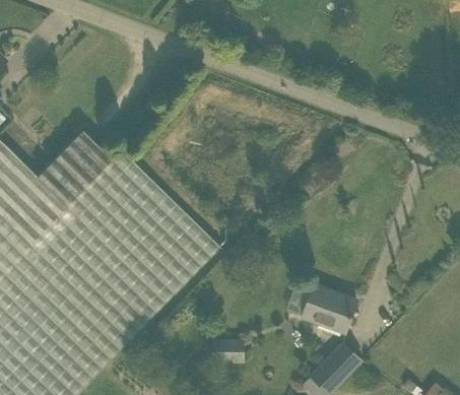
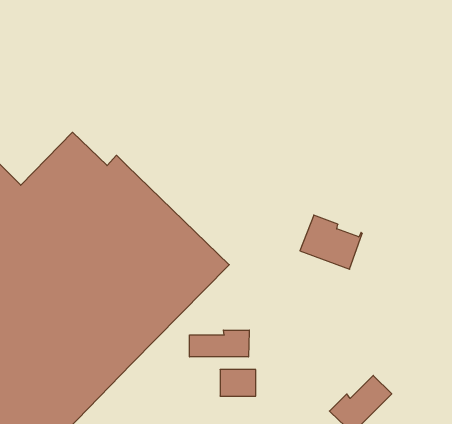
building: [302,284,356,332] -> [300,215,362,269]
building: none -> [190,330,249,357]

